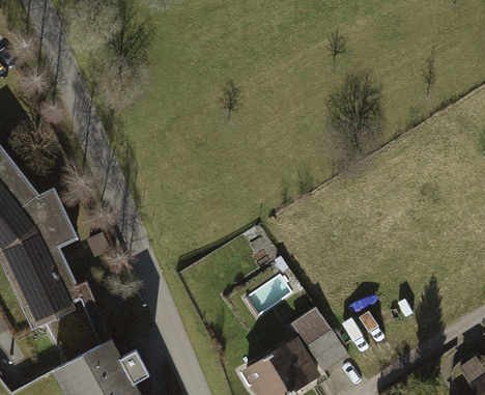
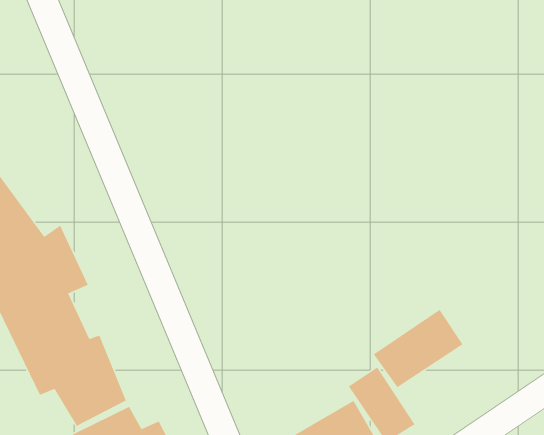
building: none -> [373,309,464,388]

